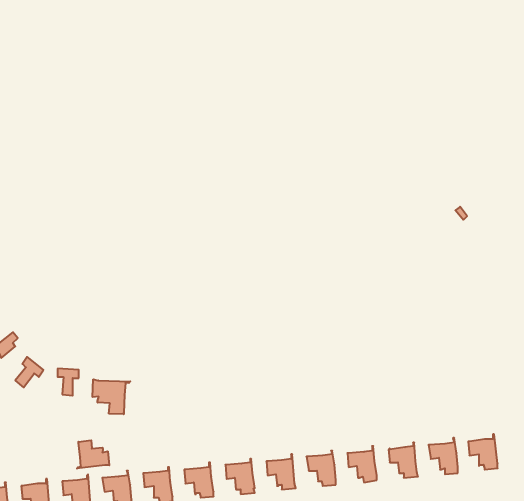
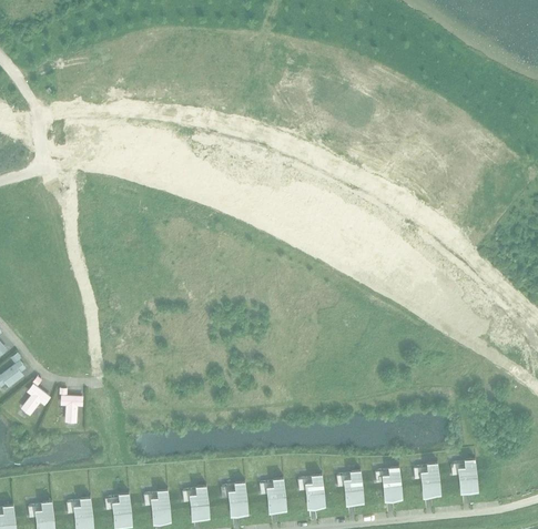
building: [93,379,130,414] -> none
building: [77,440,109,469] -> none

